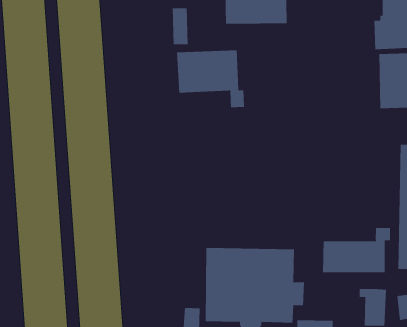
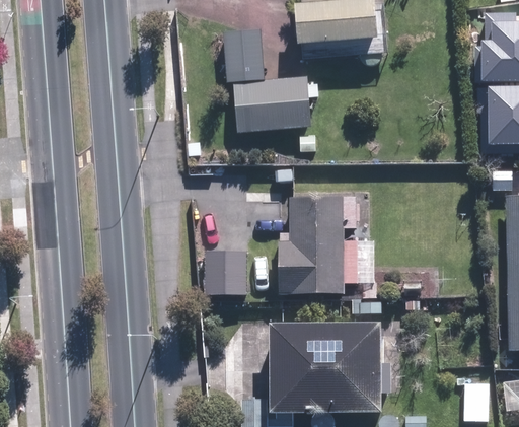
building: none -> [276,196,373,298]
building: none -> [205,247,249,294]
building: [322,227,390,273] -> none

